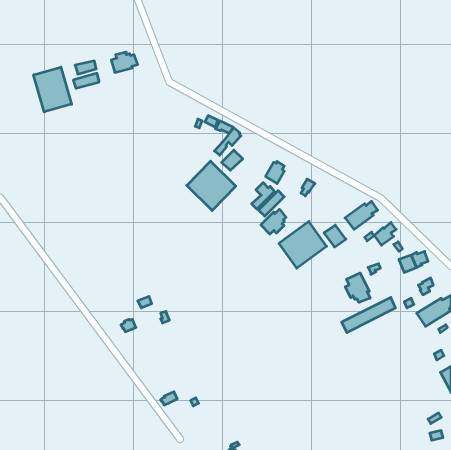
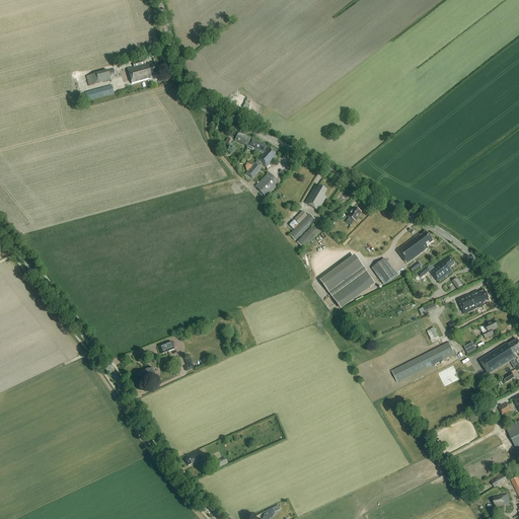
building: [34,67,72,112] -> none
building: [187,161,236,211] -> none
building: [261,209,286,234] -> none
building: [345,273,370,302] -> none

